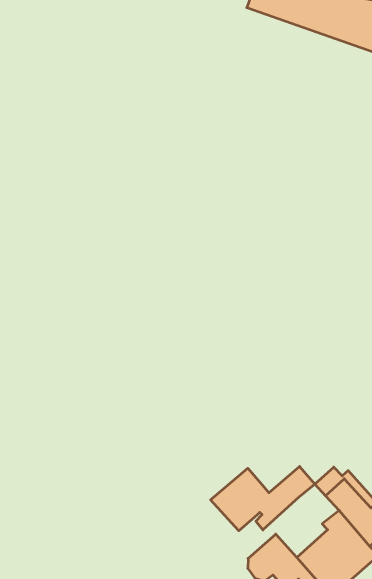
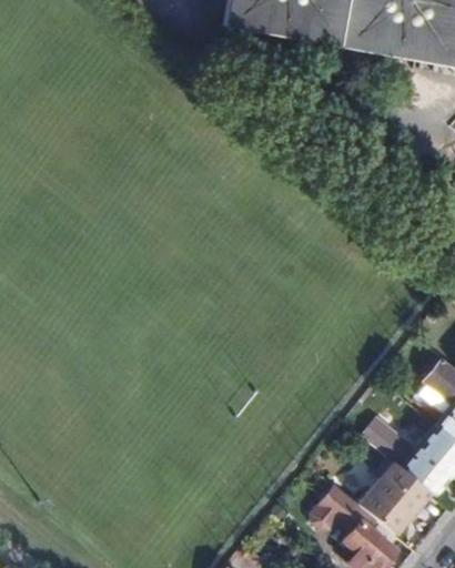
building: [211,466,315,531] -> none

